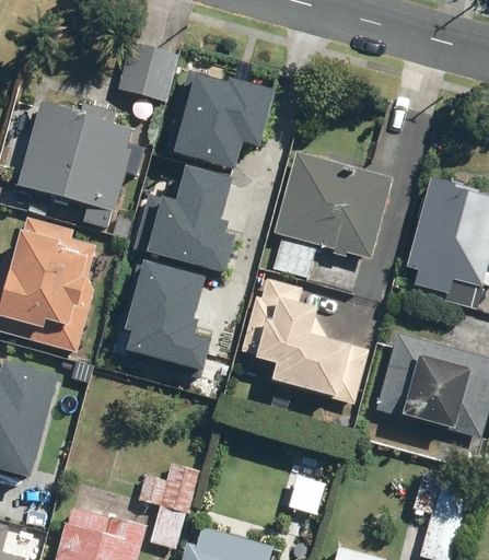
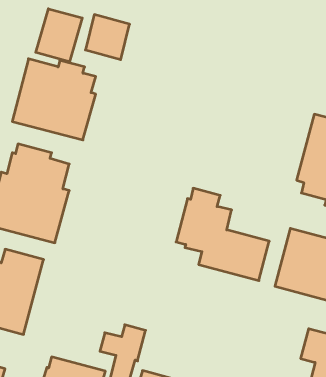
building: none -> [36,9,82,62]
building: [170,67,277,166] -> none
building: [272,152,392,261] -> none
building: [137,163,234,268] -> none
building: [120,254,210,374] -> none

